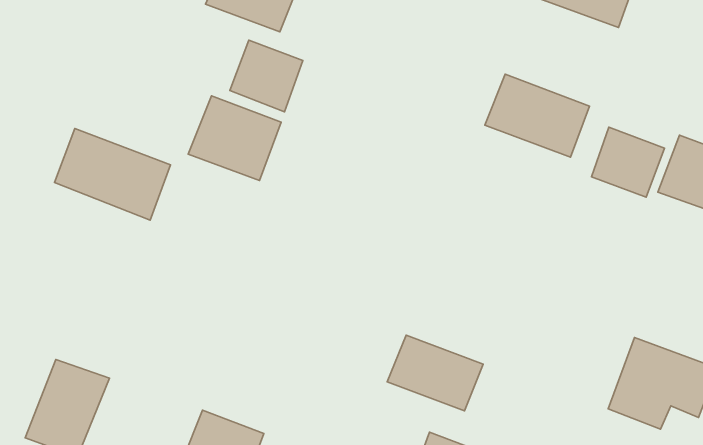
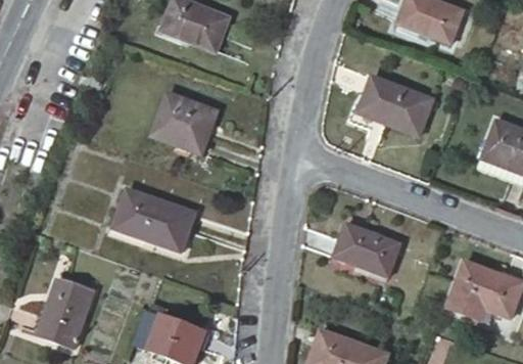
building: [230,40,303,112] -> none
building: [592,127,664,197] -> none
building: [54,129,171,220] -> [111,187,193,252]
building: [387,335,483,411] -> [333,223,400,276]

